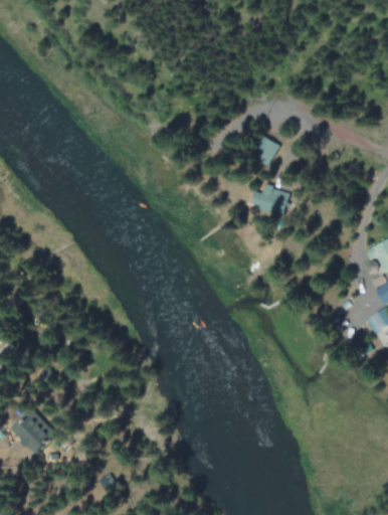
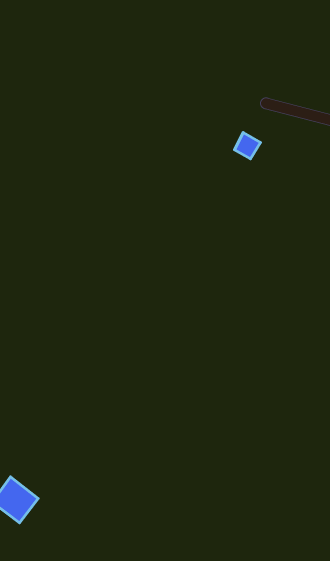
building: [255,184,289,216] -> none

